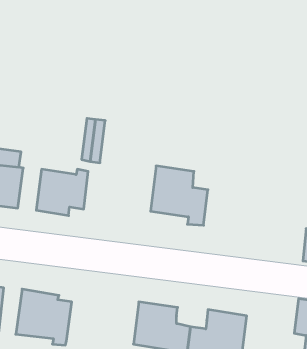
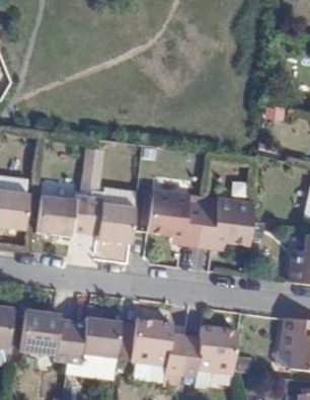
building: none -> [85,190,138,246]
building: none -> [198,201,254,250]
building: none -> [69,316,121,358]

